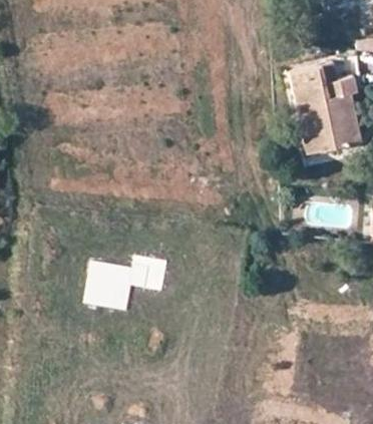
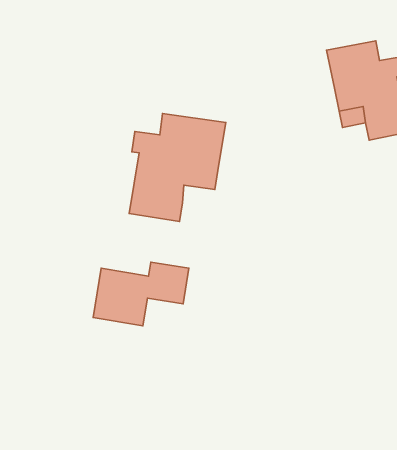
building: none -> [129,113,226,222]

